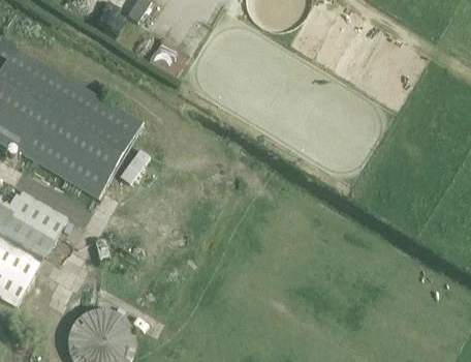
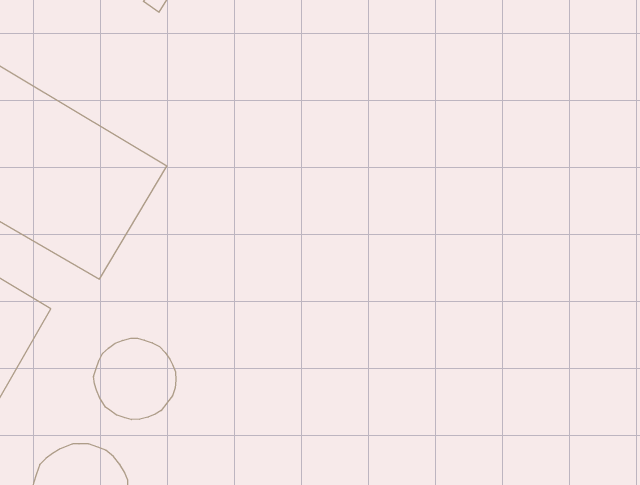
building: none -> [94,338,176,420]

